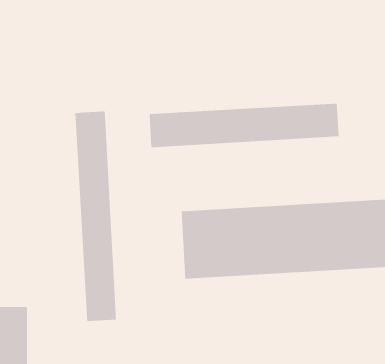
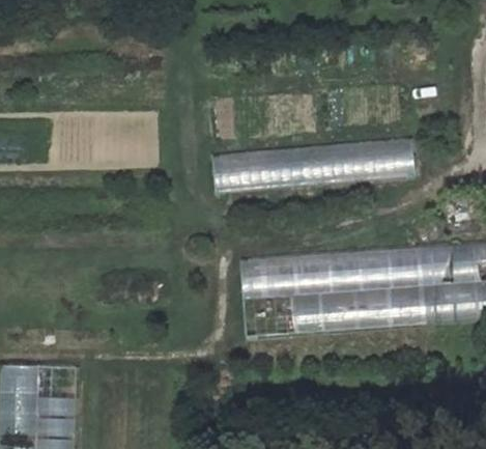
building: [75,111,117,322] -> none

